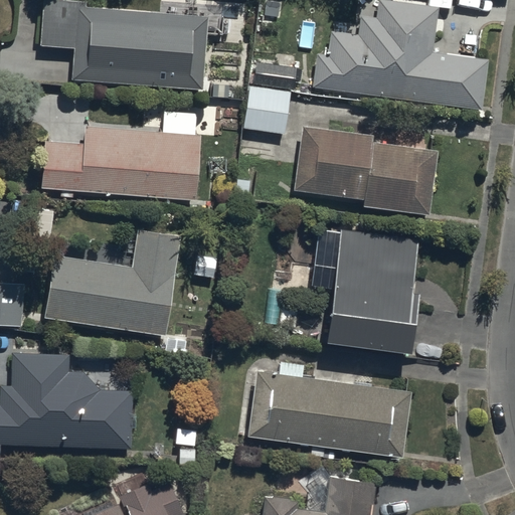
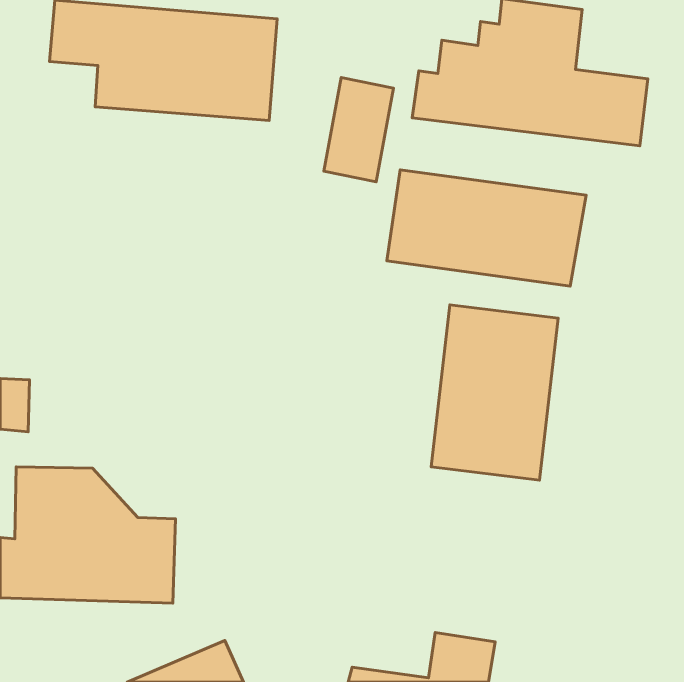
building: [41,123,199,199] -> none
building: [43,228,179,338] -> none
building: [246,371,412,459] -> none

